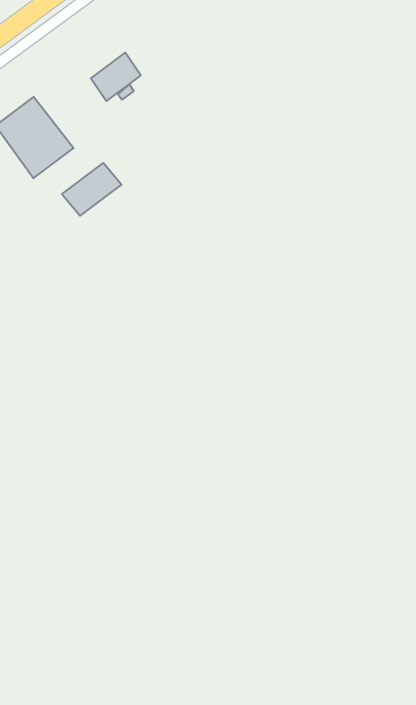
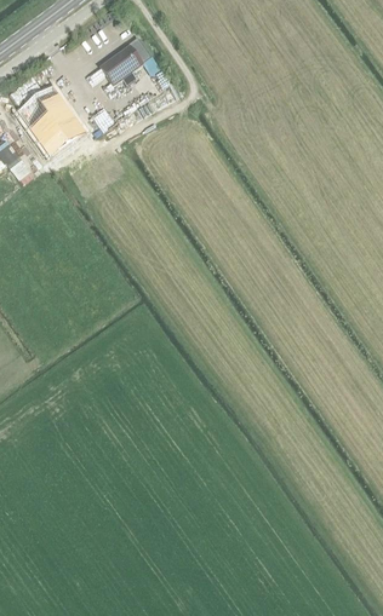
building: [62,163,122,216] -> none

